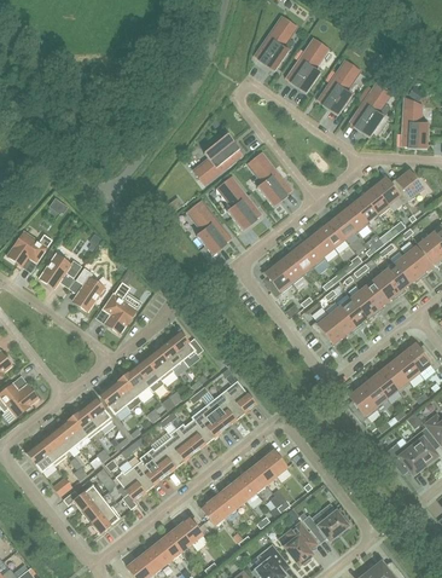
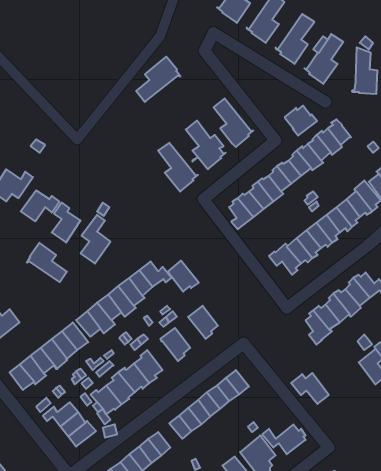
building: [194,133,243,183] -> [136,57,180,102]
building: [389,170,424,203] -> [285,106,317,136]
building: none -> [27,243,67,282]
building: [207,392,240,426] -> [168,261,199,292]
building: [176,418,210,450] -> none
building: [384,441,425,475] -> [291,373,329,404]

